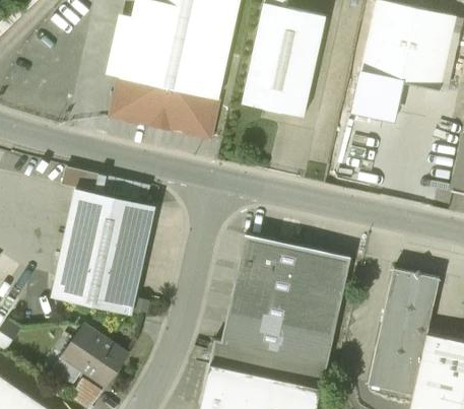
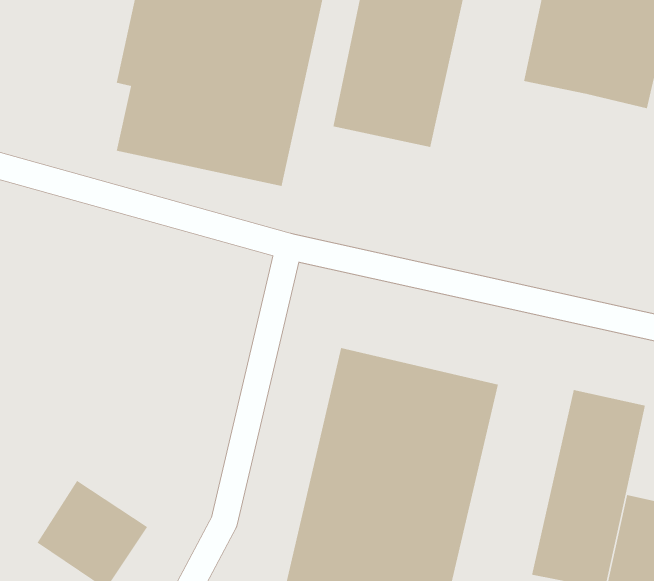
building: [353,75,401,112] -> none
building: [49,193,153,316] -> none

